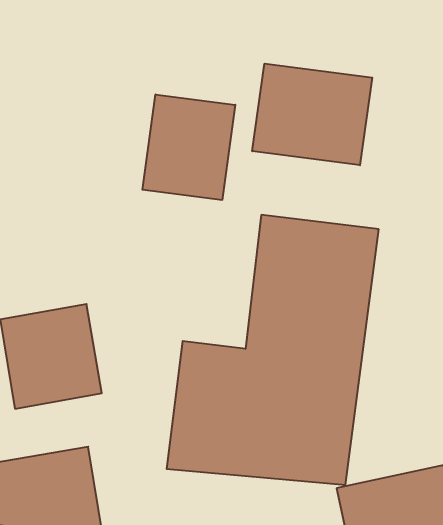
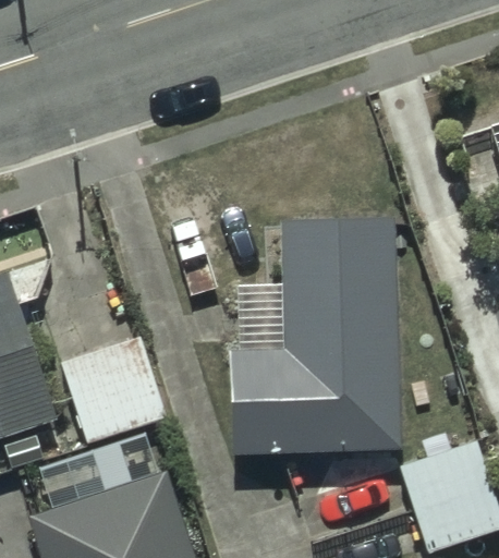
building: [252,64,372,165] -> none
building: [142,94,235,200] -> none

